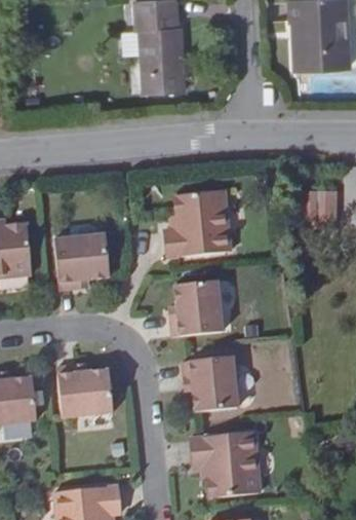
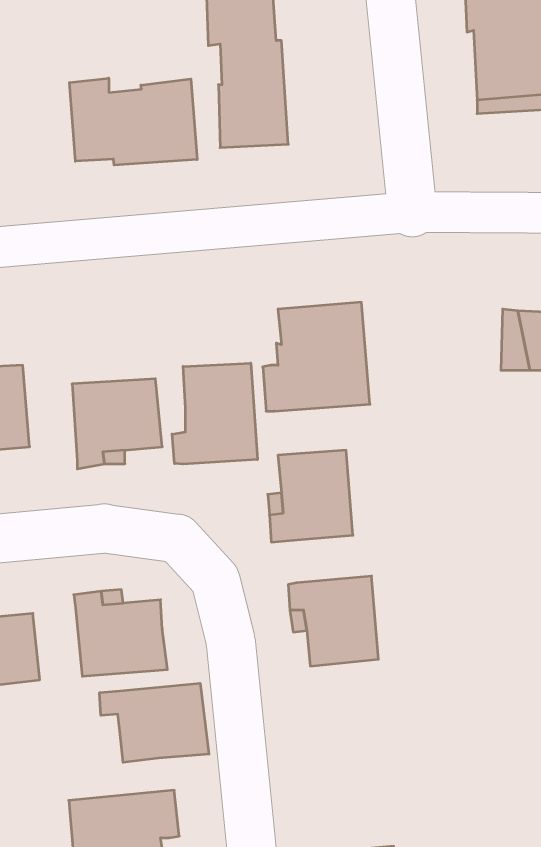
building: none -> [69,78,197,165]
building: none -> [172,363,257,464]
building: none -> [100,683,209,762]
building: [191,432,260,495] -> none

